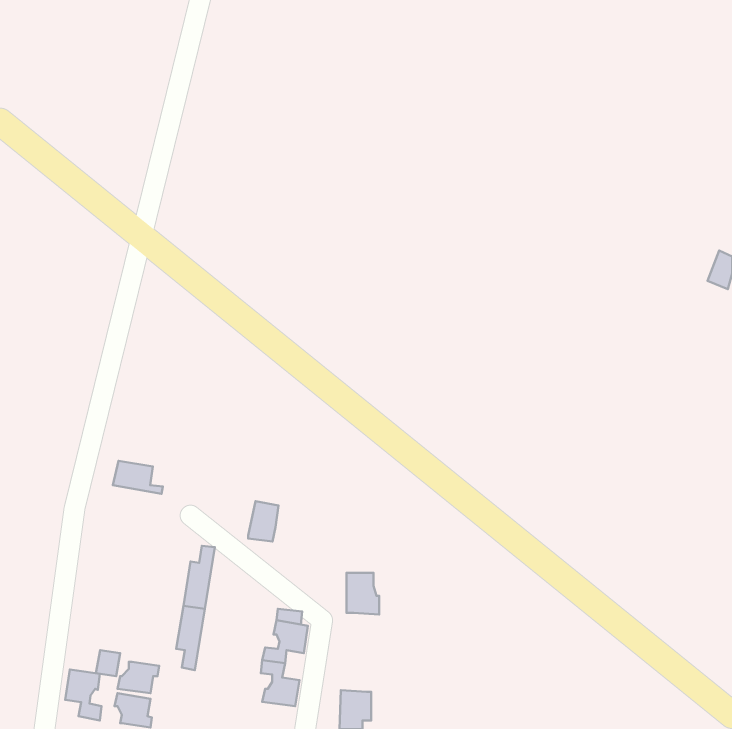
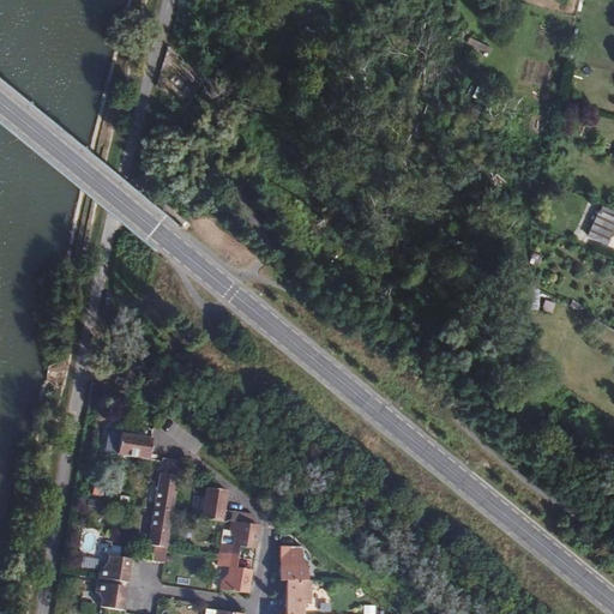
building: [113,461,163,494] -> [118,432,159,459]
building: [248,501,278,541] -> [201,486,227,519]
building: [346,573,379,614] -> [279,544,307,579]
building: [65,670,101,721] -> none

